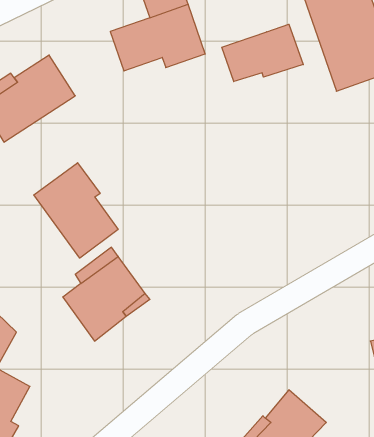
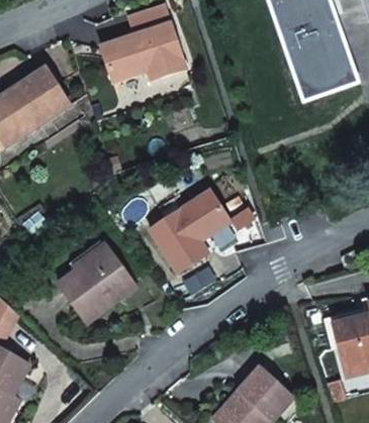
building: [222,24,303,82] -> none
building: [34,163,118,258] -> none
building: none -> [151,190,230,272]

